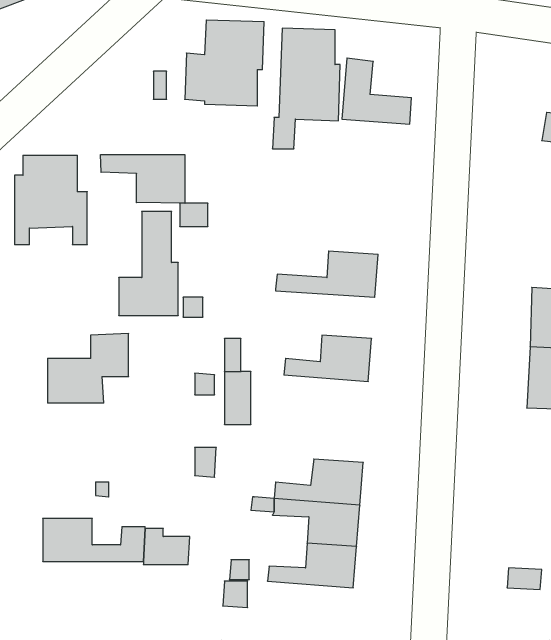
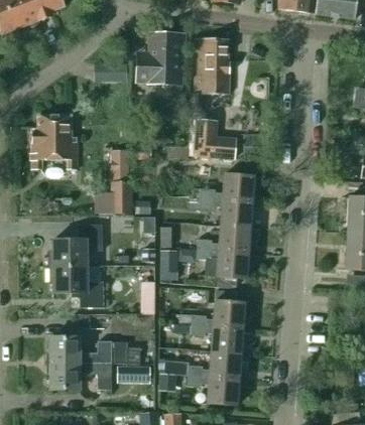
building: [342,58,411,124] -> [194,118,236,158]
building: [101,155,185,203] -> none
building: none -> [187,196,252,227]
building: none -> [196,249,248,278]
building: none -> [52,266,103,307]
building: none -> [49,363,111,389]
building: none -> [117,366,149,383]
building: none -> [187,375,239,405]

